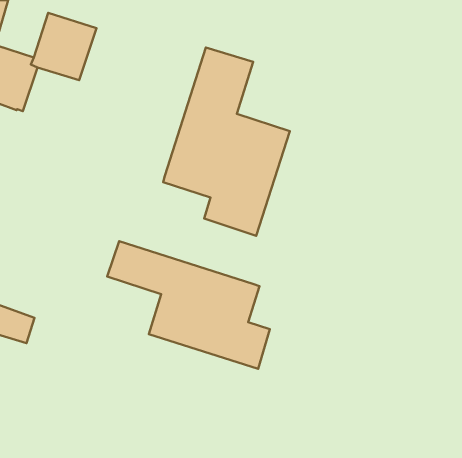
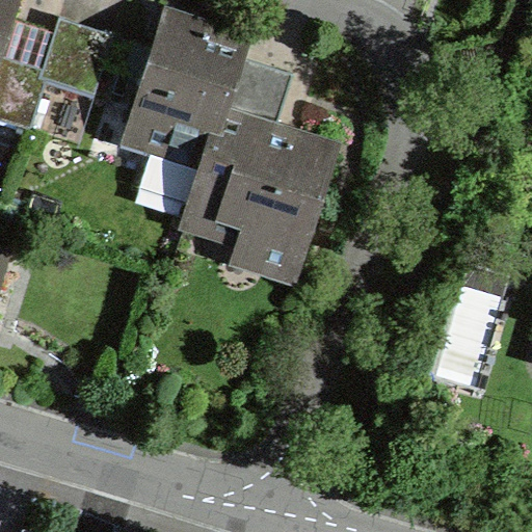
building: none -> [127,22,240,209]
building: [107,241,270,369] -> none

